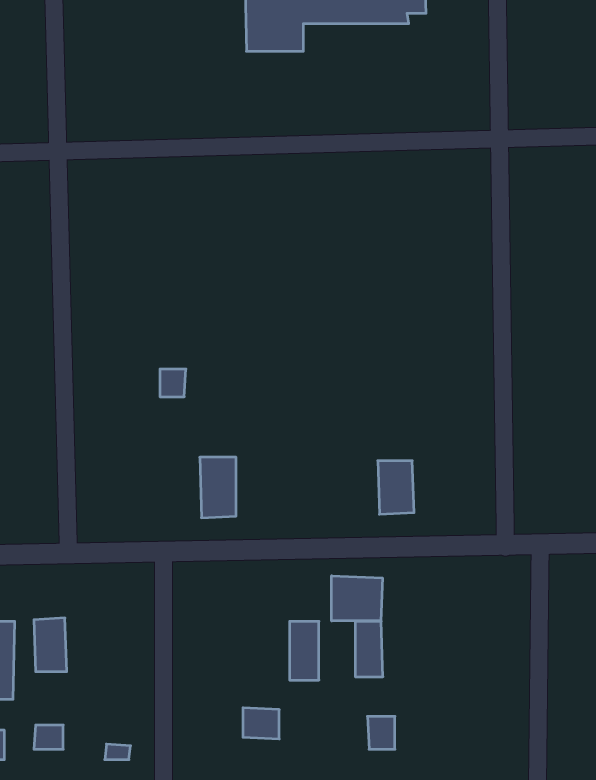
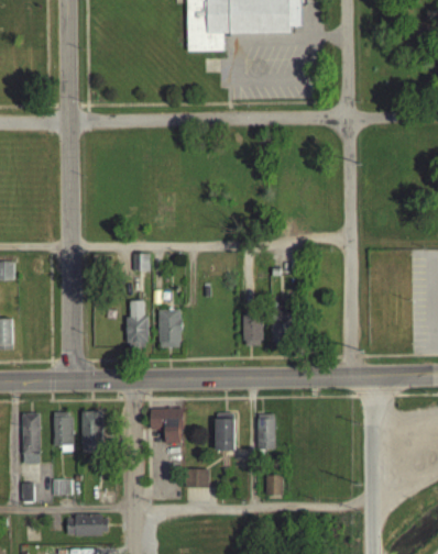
building: none -> [125,300,149,346]
building: none -> [243,314,263,345]
building: [332,576,382,621] -> none
building: none -> [150,407,183,444]
building: none -> [83,411,103,452]

